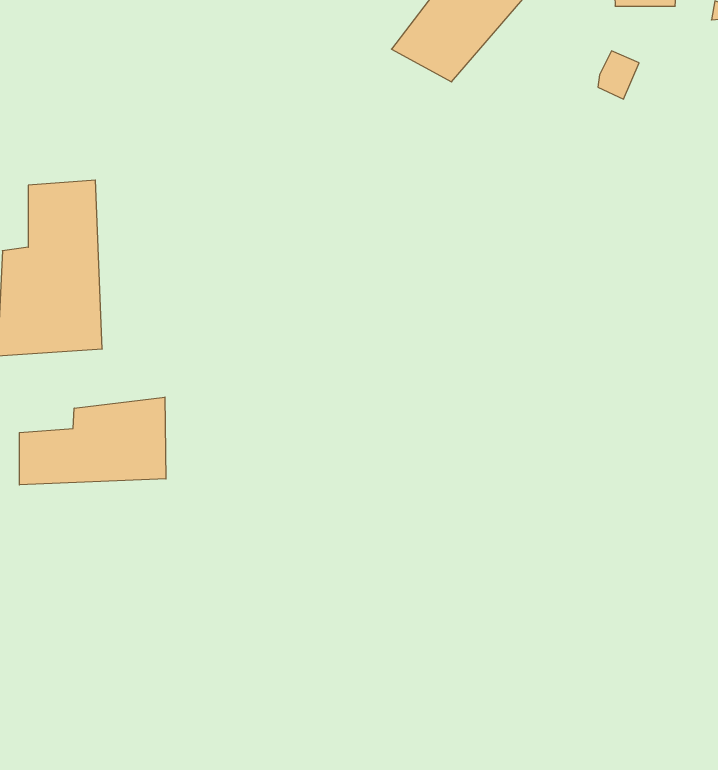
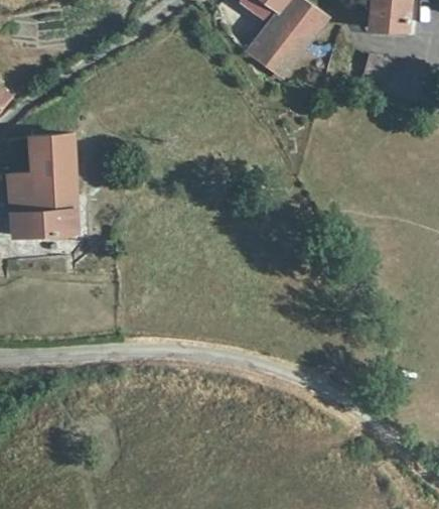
building: [19,397,166,485] -> none

